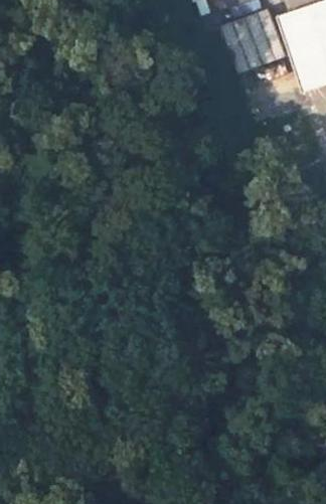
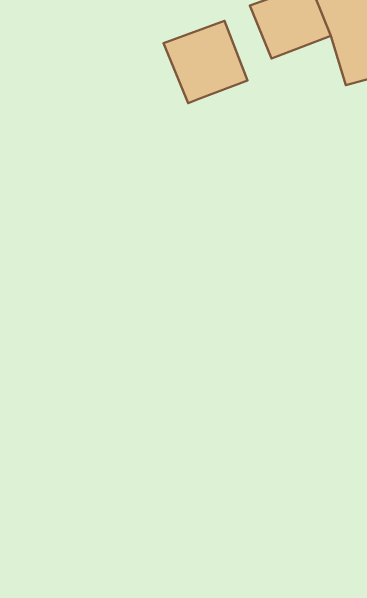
building: none -> [163,21,248,103]

